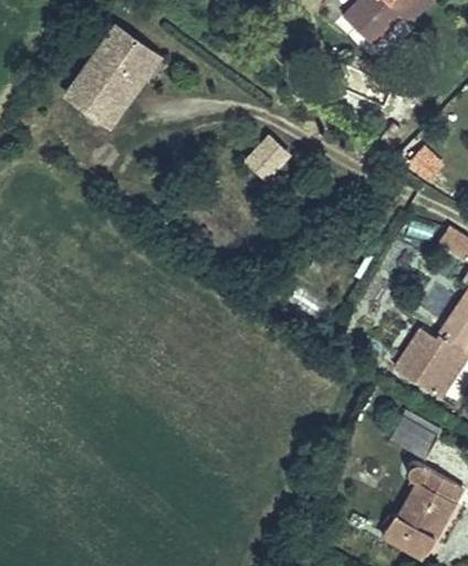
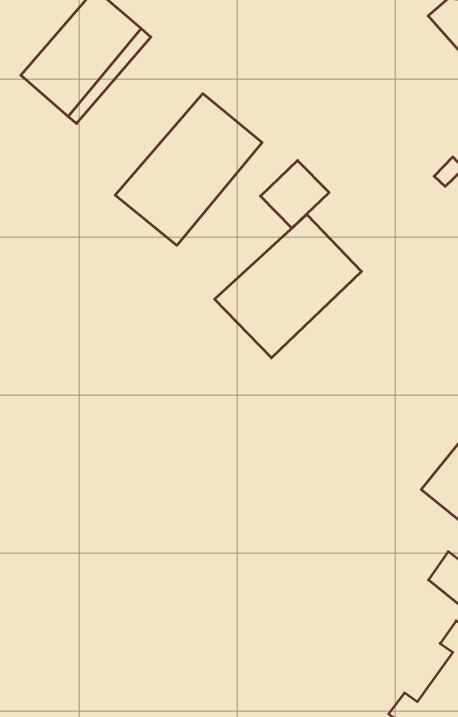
building: none -> [115,94,262,245]
building: none -> [215,215,362,358]

